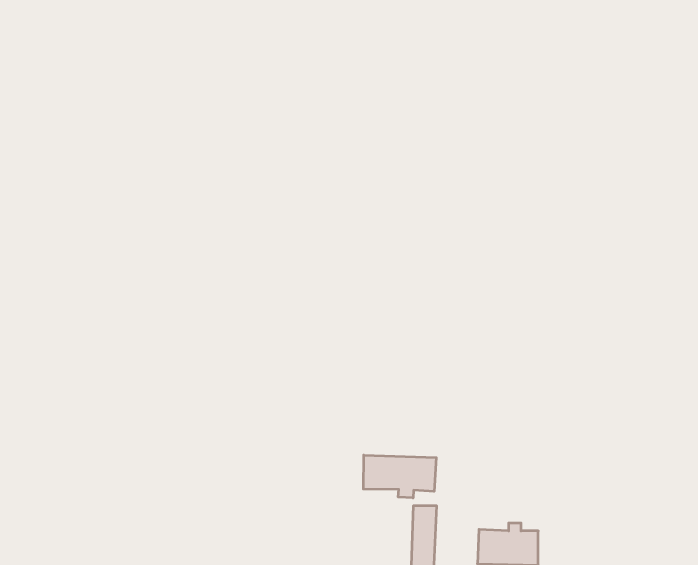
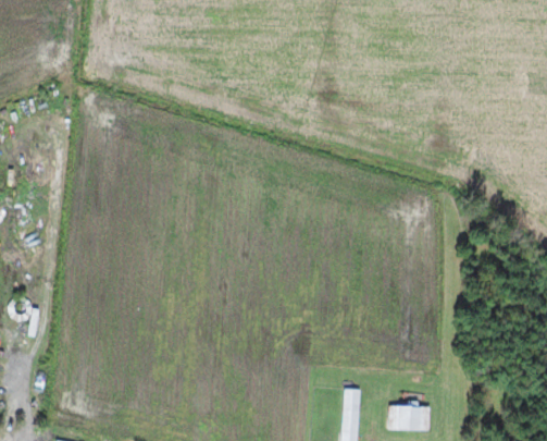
building: [363,455,436,498] -> none

